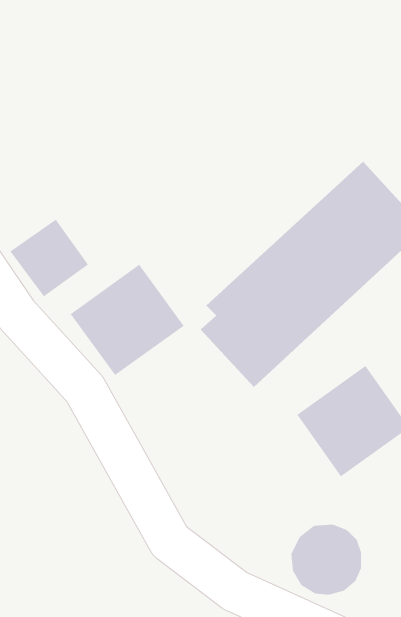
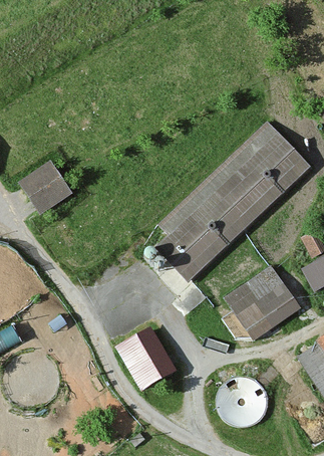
building: [70,264,184,376] -> none
building: none -> [114,324,177,392]

